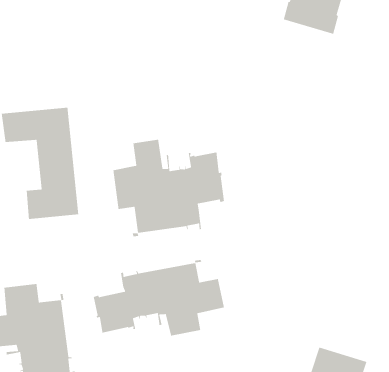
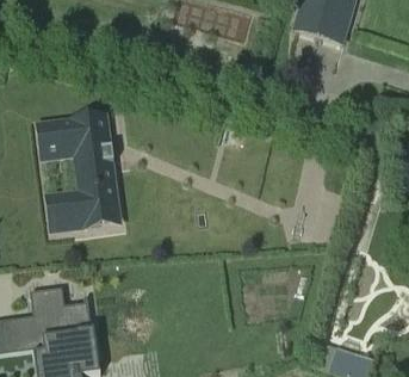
building: [112,139,225,237] -> none
building: [93,259,225,337] -> none

